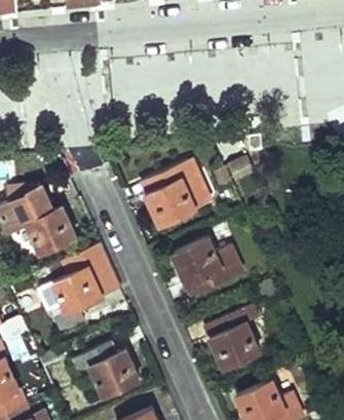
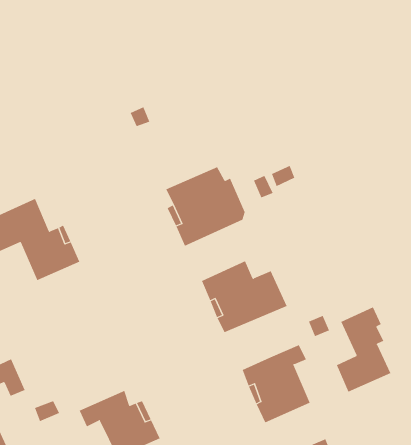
building: [39,247,119,332] -> none
building: none -> [336,306,391,393]

